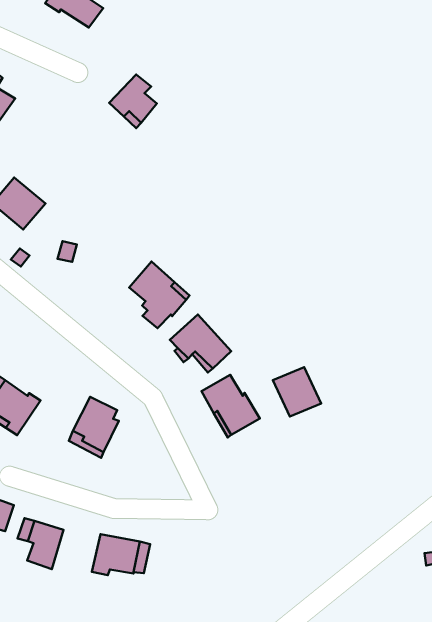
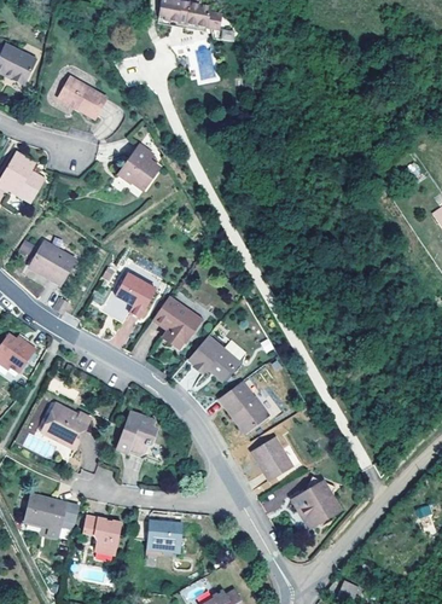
building: none -> [115,273,156,316]
building: [273,367,321,416] -> [252,435,293,476]
building: none -> [292,472,342,525]

